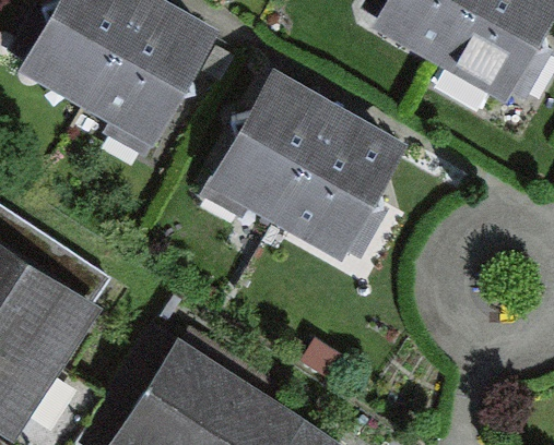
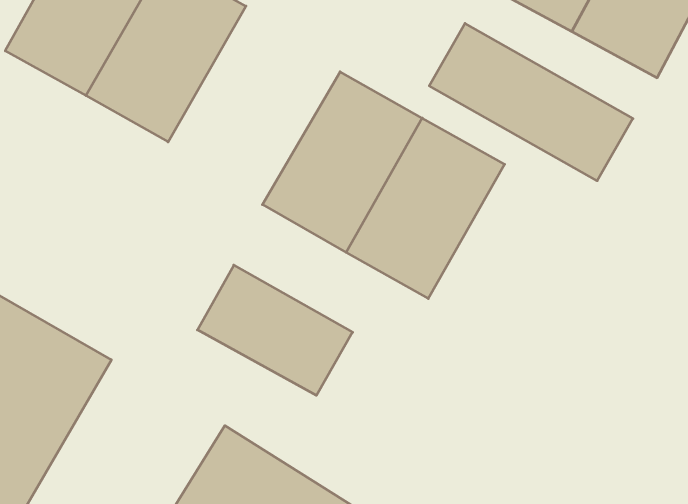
building: none -> [429,23,633,181]
building: none -> [197,265,353,395]

